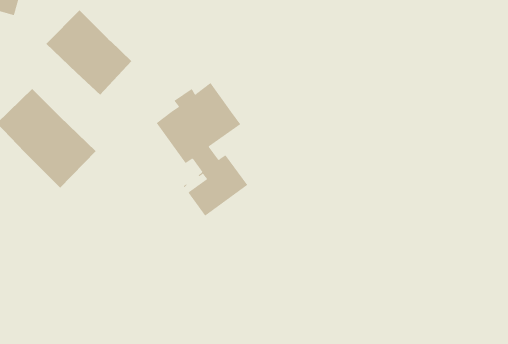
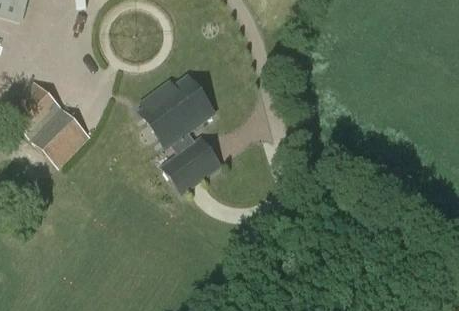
building: [46,10,132,95] -> none

